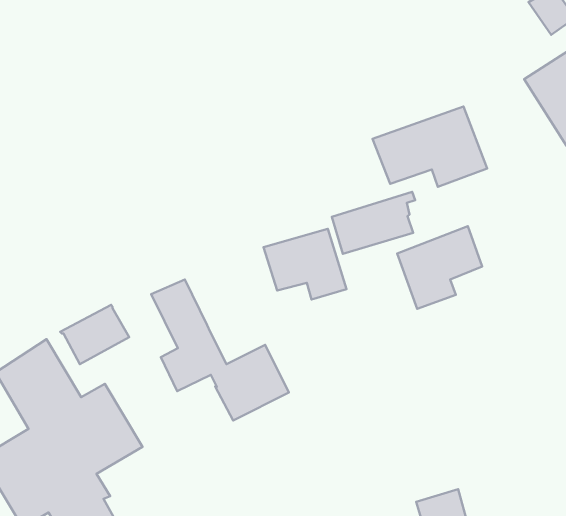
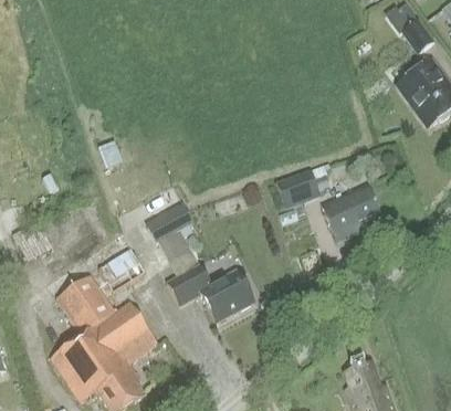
building: [373,107,487,187] -> none
building: [263,229,347,300] -> none
building: none -> [145,203,192,242]

